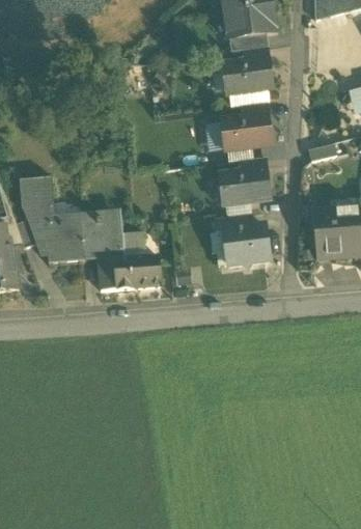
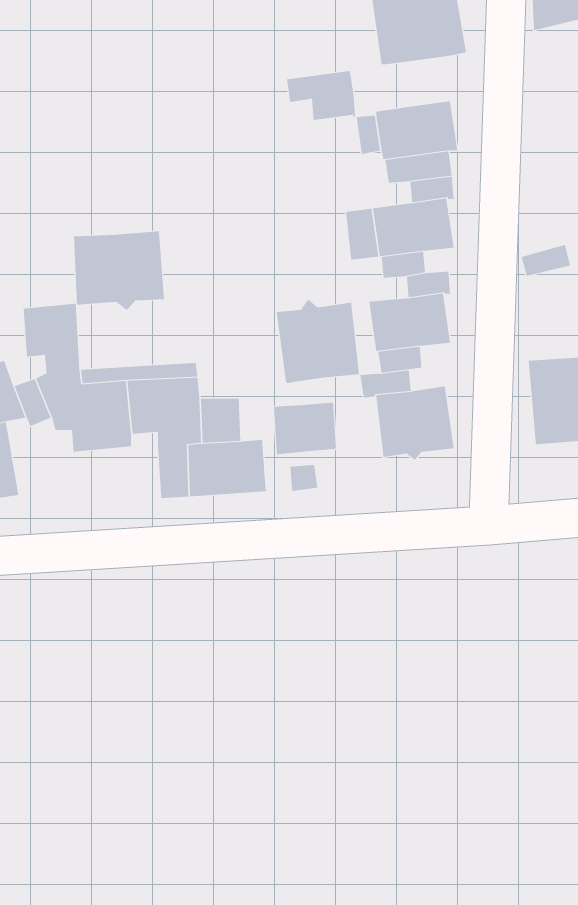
building: [229,33,270,62] -> [286,70,356,121]
building: none -> [73,230,164,311]
building: none -> [276,299,359,384]
building: none -> [273,402,337,455]

